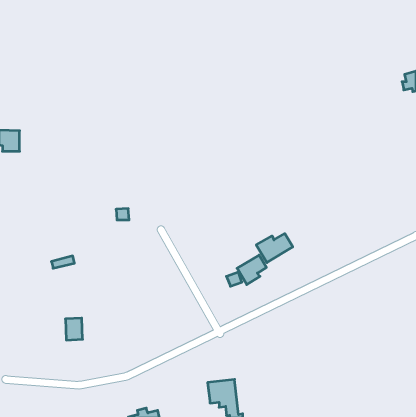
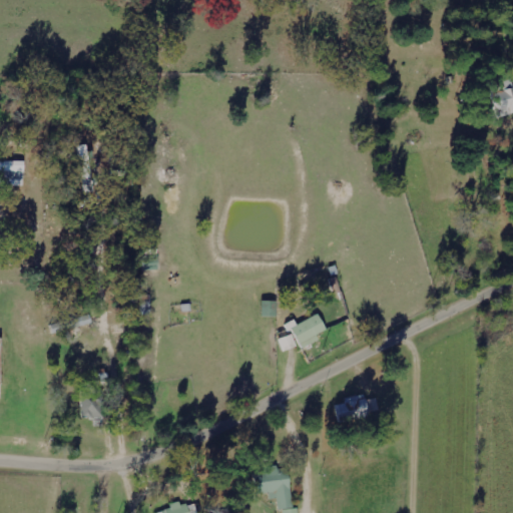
building: [256,234,293,263] -> none
building: none -> [335,395,370,424]

